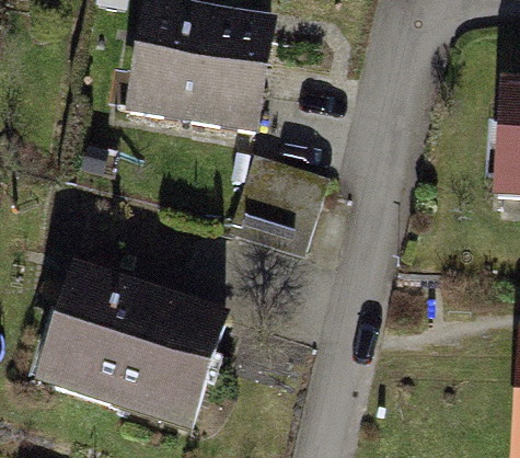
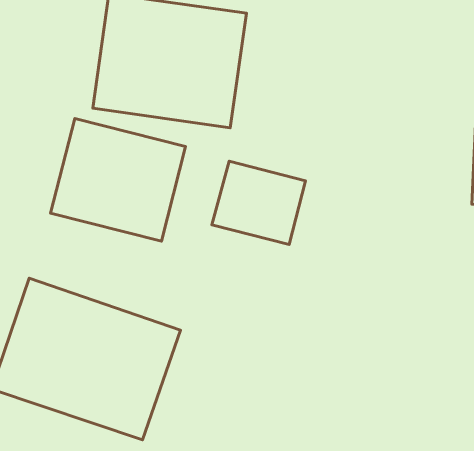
building: none -> [50,118,186,241]

